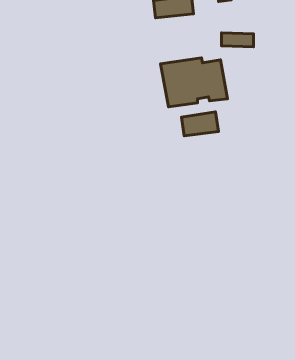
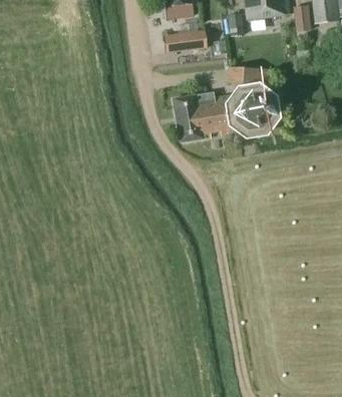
building: none -> [236,94,268,126]
building: [181,112,218,136] -> none

